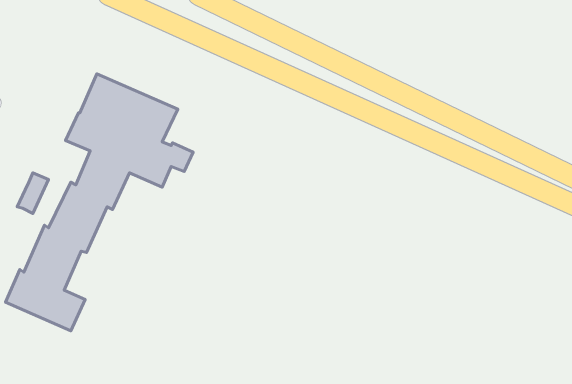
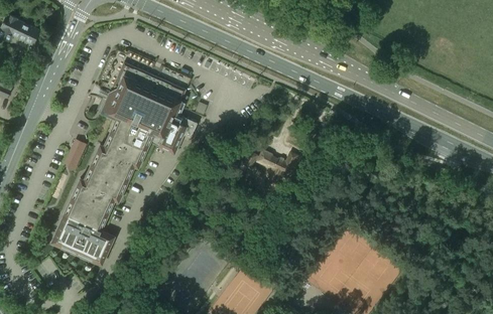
building: none -> [242,152,297,184]

